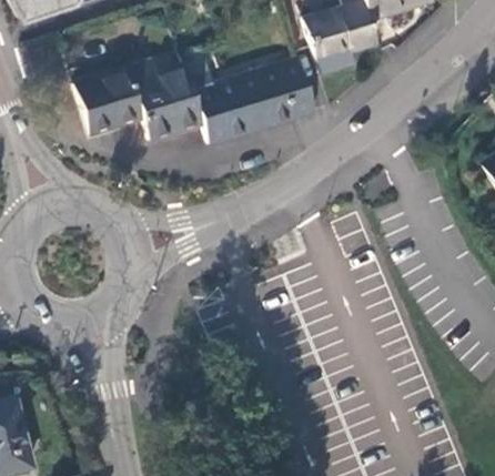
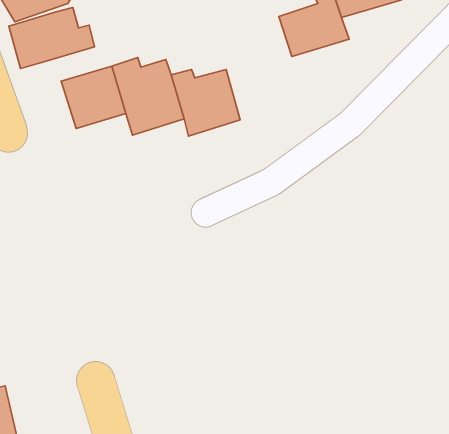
building: none -> [9,8,95,69]
building: [246,59,313,126] -> none

